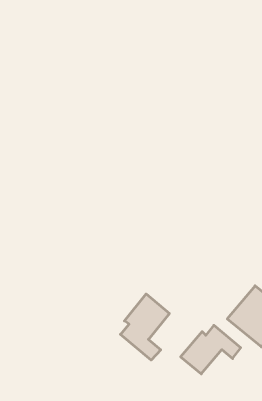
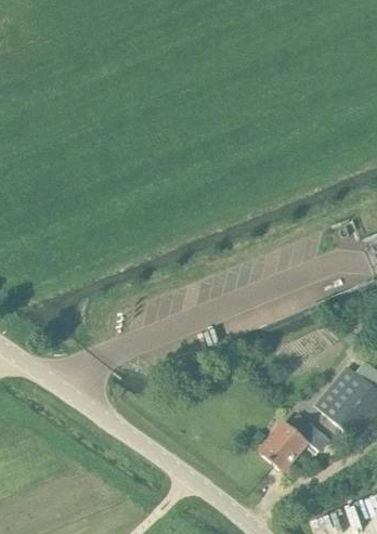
building: [120,294,169,360] -> none

